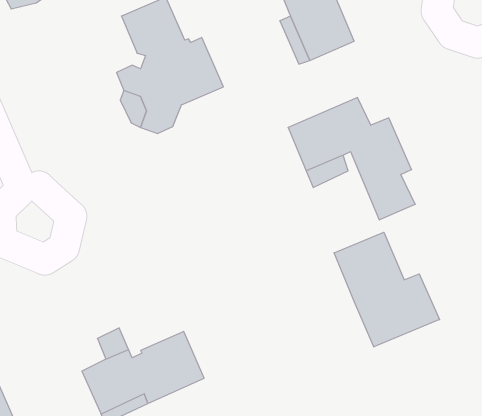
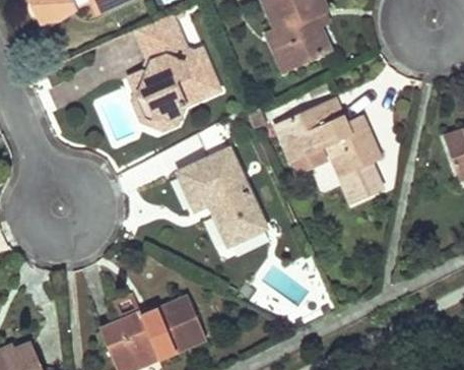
building: none -> [176,147,266,246]
building: [334,232,440,347] -> none

